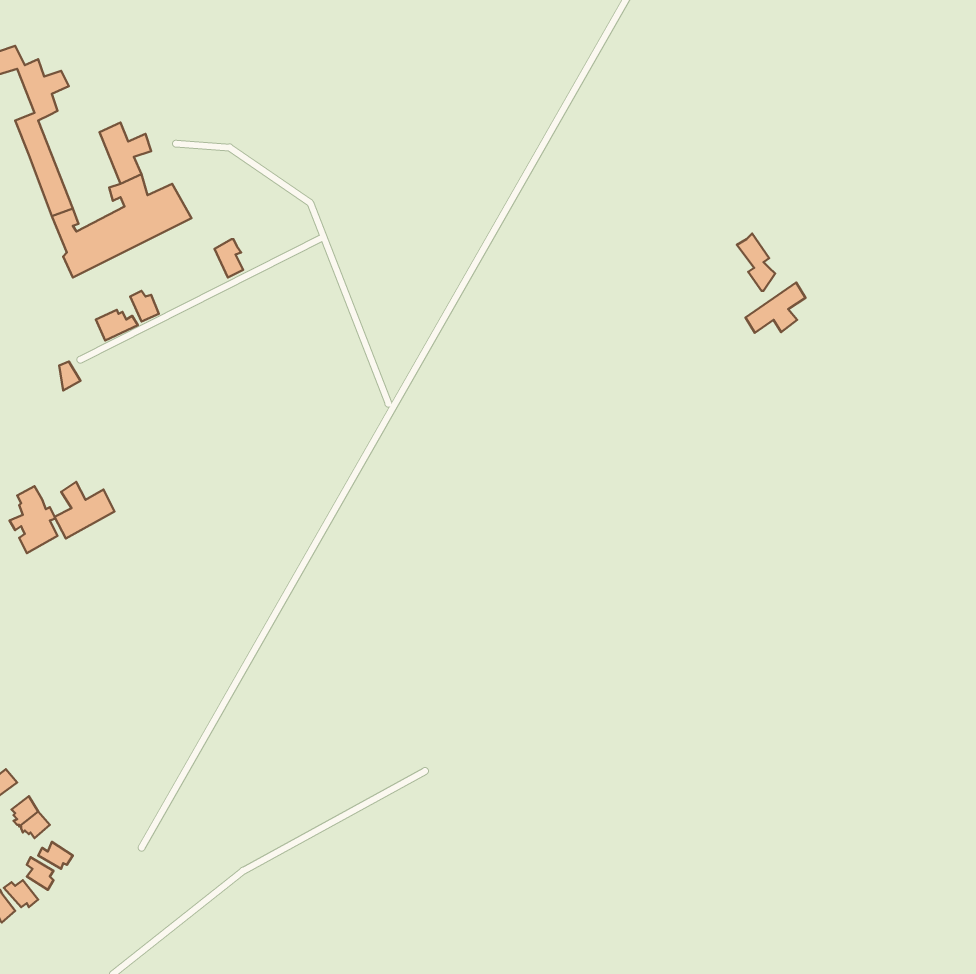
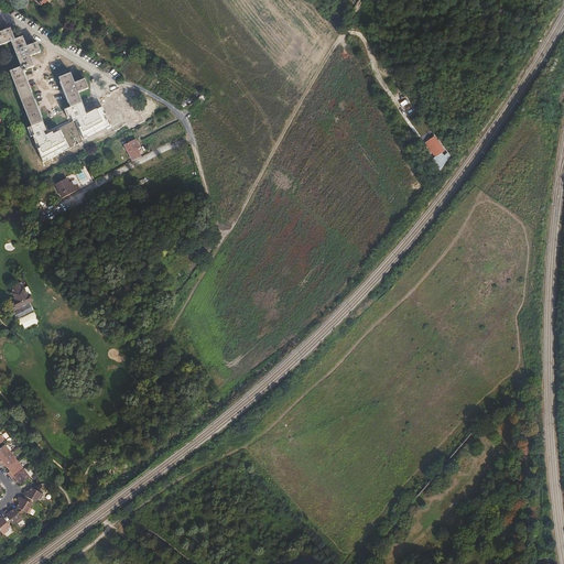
building: [746,283,805,333] -> none
building: [55,482,115,539] -> none

